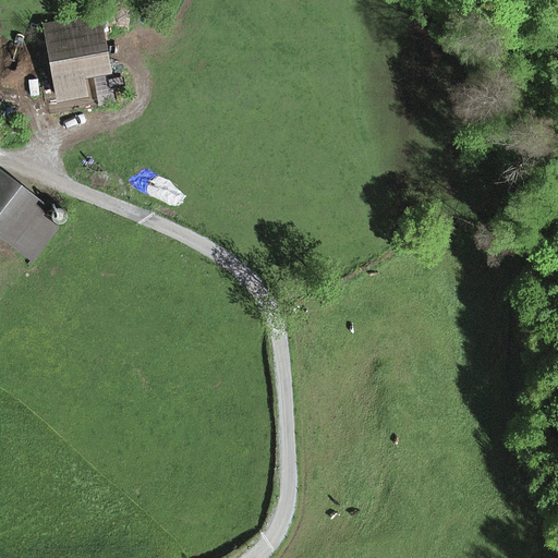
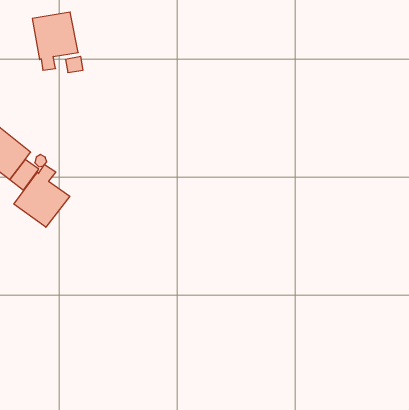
building: none -> [14,165,70,227]

